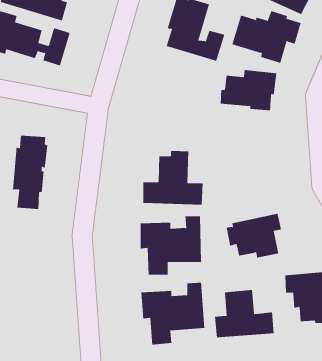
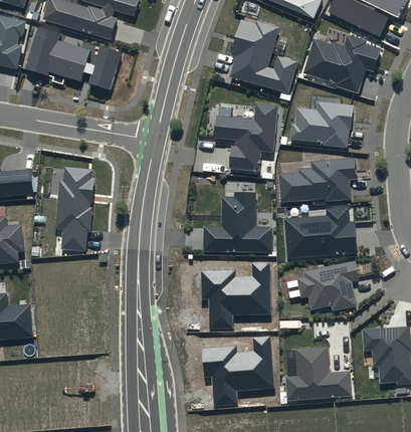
building: none -> [212,97,276,167]
building: none -> [277,155,356,199]
building: none -> [282,206,357,256]

